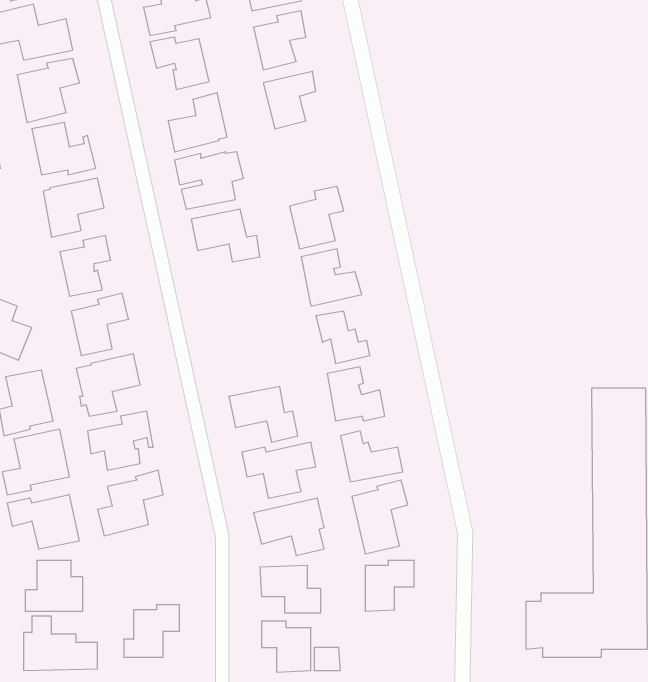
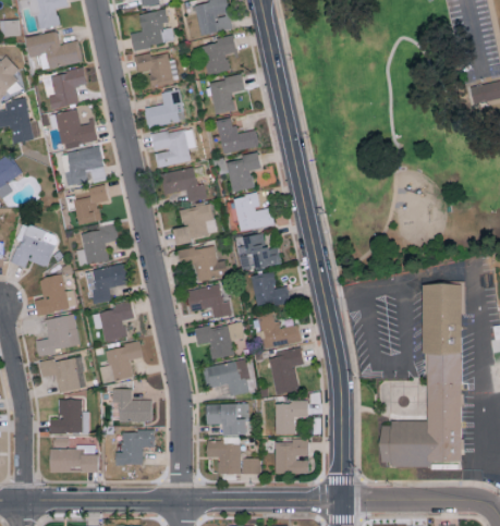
building: none -> [217,119,258,154]
building: none -> [172,204,212,246]
building: none -> [176,246,227,284]
building: none -> [111,390,150,423]
building: none -> [275,440,308,474]

